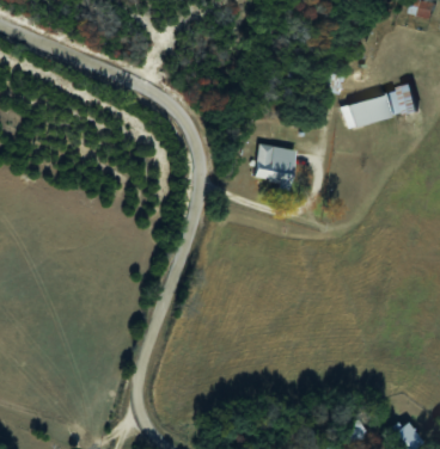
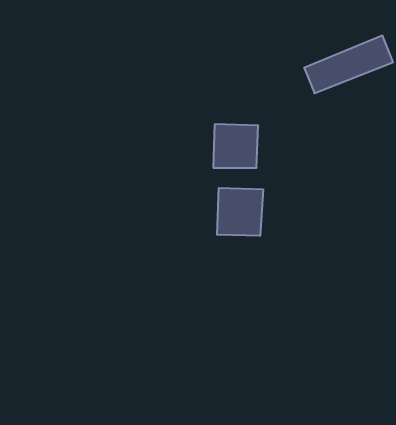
building: none -> [217,188,263,236]

